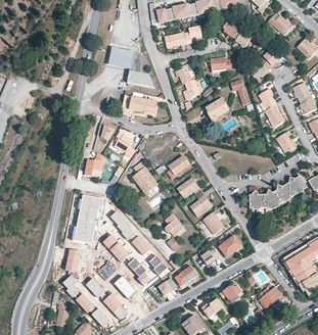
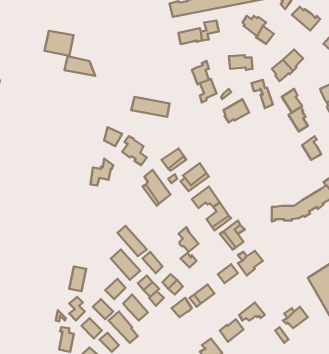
building: [108,46,154,87] -> [44,31,95,76]
building: [75,195,104,244] -> none

